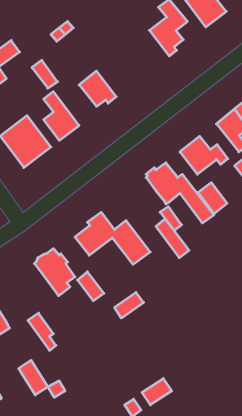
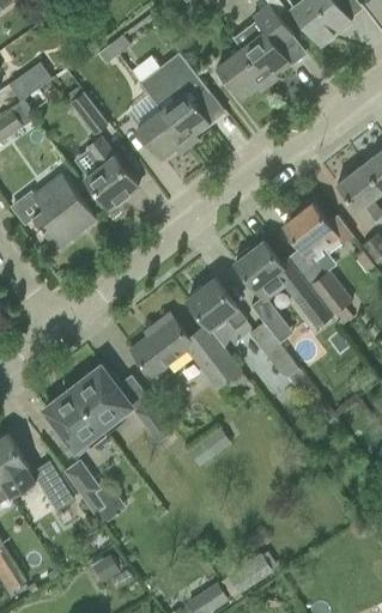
building: none -> [218,50,268,99]
building: none -> [141,53,211,146]
building: none -> [188,279,247,330]
building: none -> [44,388,108,450]
building: [19,360,48,395] -> [32,461,74,511]

